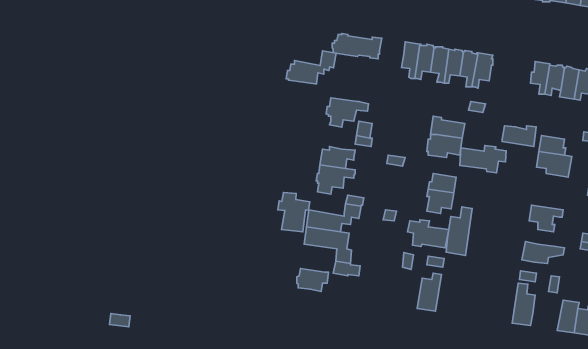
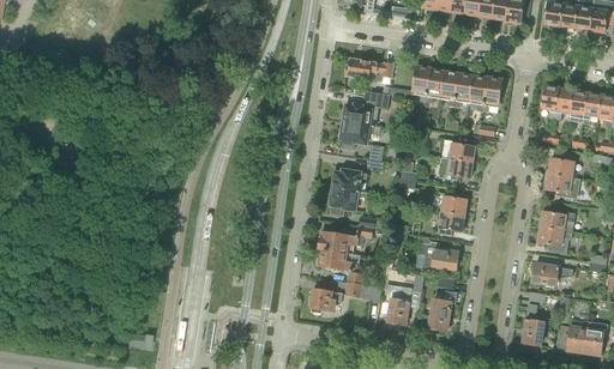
building: [286,51,336,84] -> [341,92,390,125]
building: [502,126,536,146] -> [541,211,574,231]
building: [460,145,506,173] -> none
building: [278,193,310,232] -> none
building: [446,207,472,255] -> none
building: none -> [385,285,410,325]

